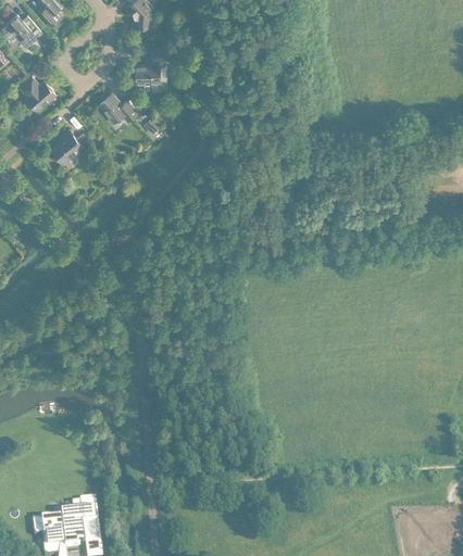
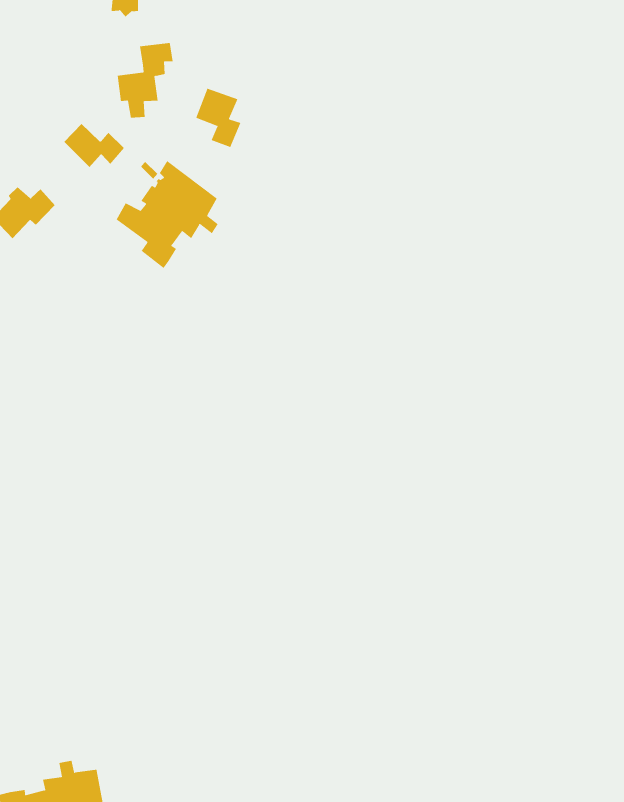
building: none -> [196,88,241,148]
building: none -> [116,160,219,269]

